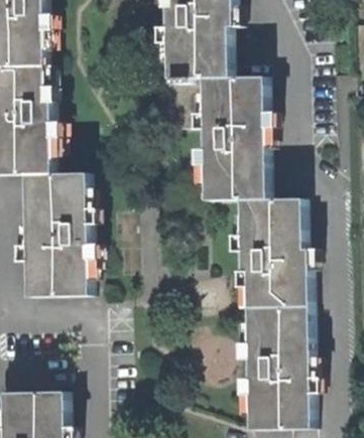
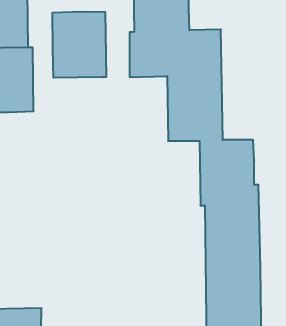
building: none -> [53,12,106,78]
building: [24,169,89,294] -> none

